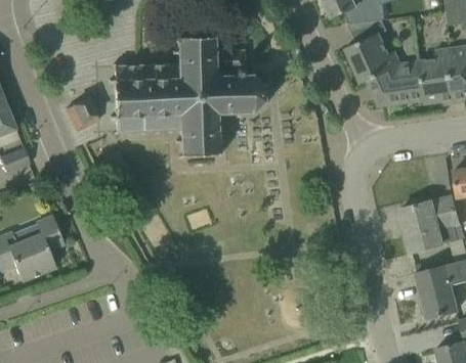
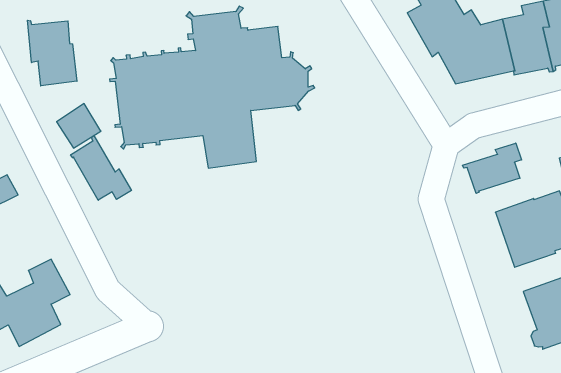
building: none -> [27,20,77,86]
building: none -> [71,135,131,200]
building: none -> [463,143,522,193]

